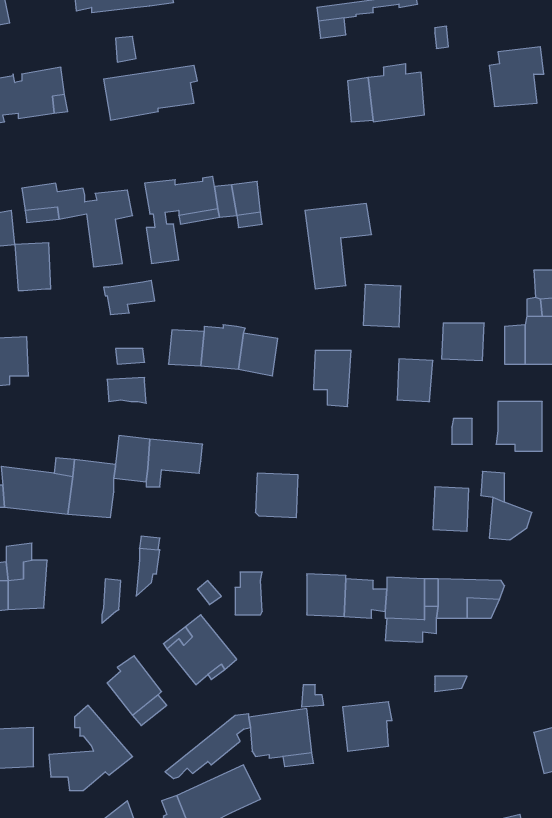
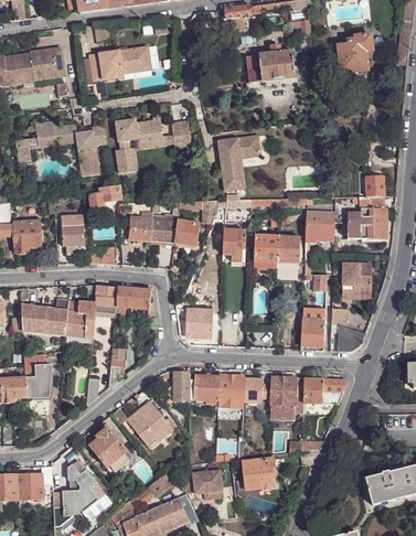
building: [15,243,51,291] -> [62,214,85,245]
building: [363,284,401,327] -> [255,234,279,261]
building: none -> [195,375,220,399]

